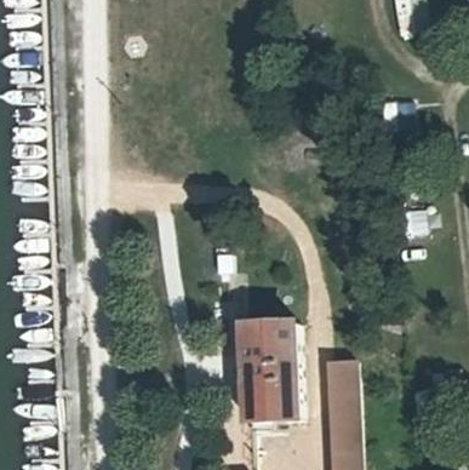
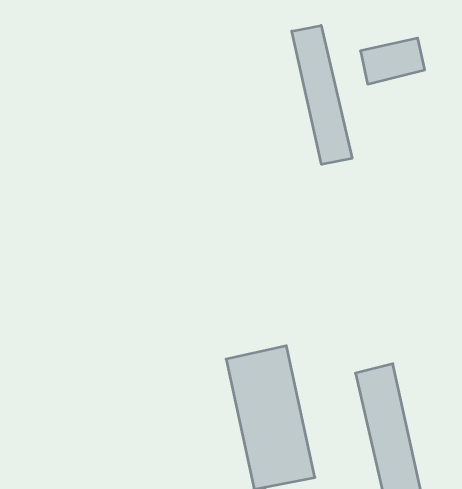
building: none -> [292,25,352,164]

